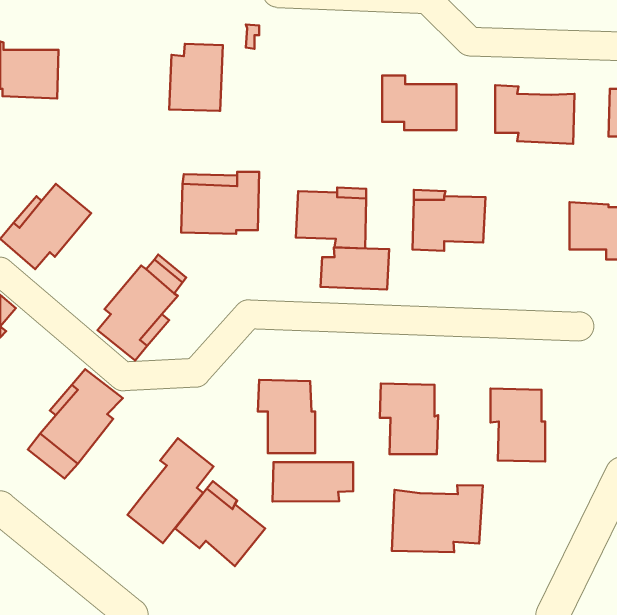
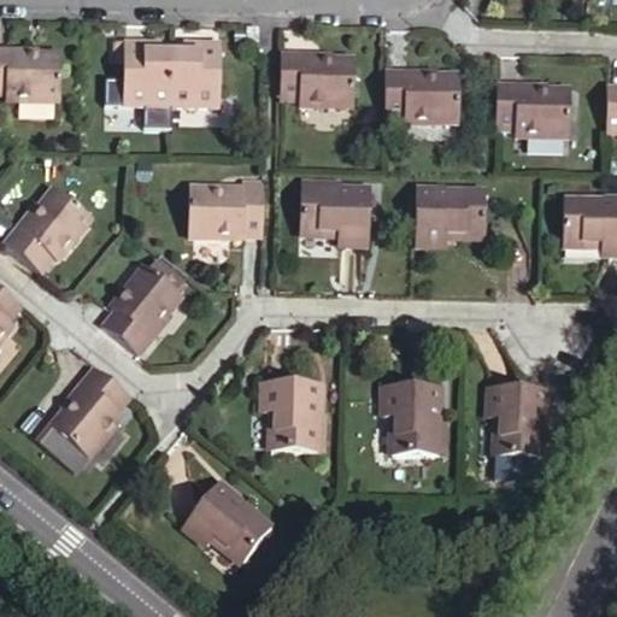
building: none -> [125,42,175,108]
building: none -> [281,53,358,108]
building: [321,247,389,289] -> none
building: [127,438,214,543] -> none
building: [273,462,353,502] -> none
building: [392,485,483,552] -> none

